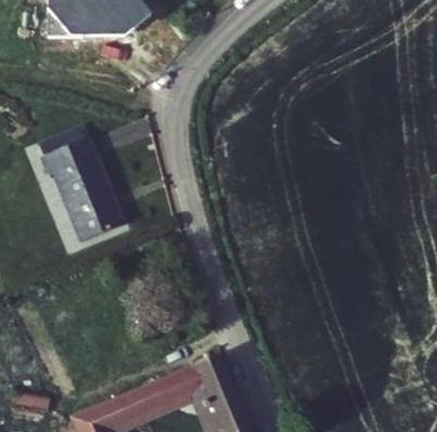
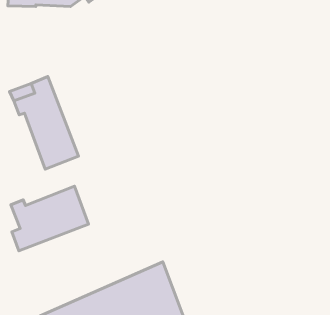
building: none -> [11,186,89,251]

